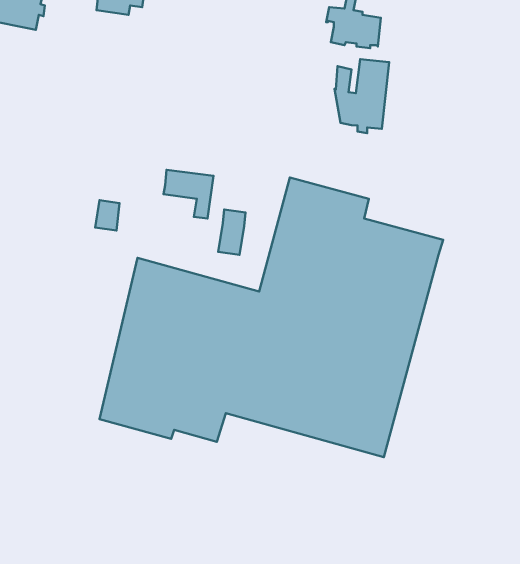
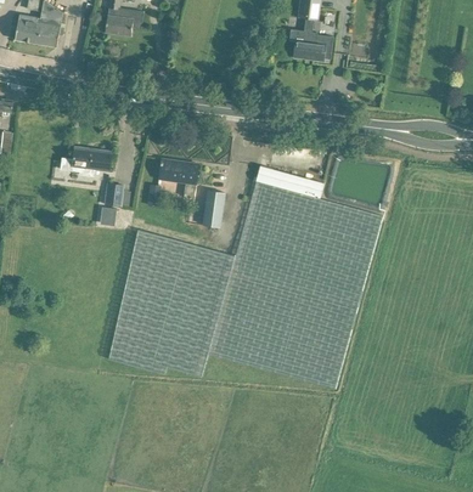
building: [335,59,389,133] -> none
building: none -> [60,147,111,177]

